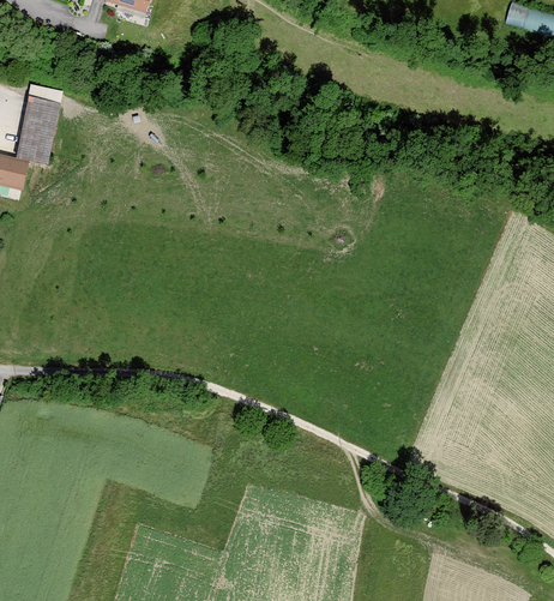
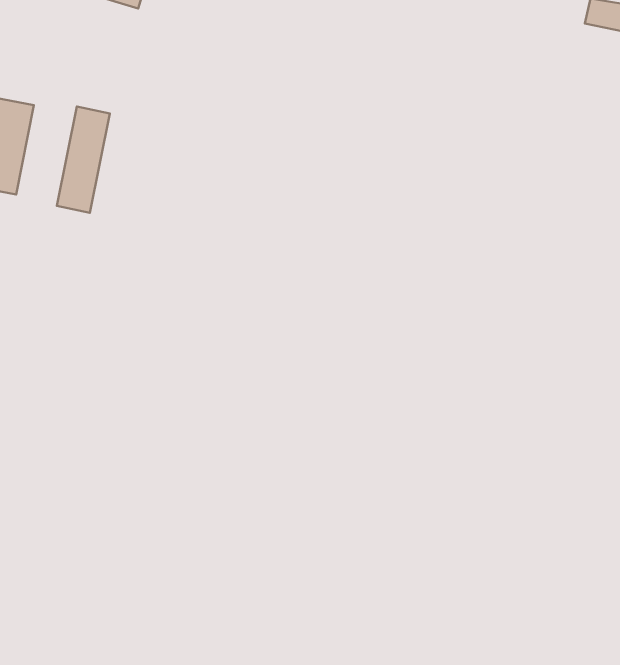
building: none -> [57,106,110,213]

